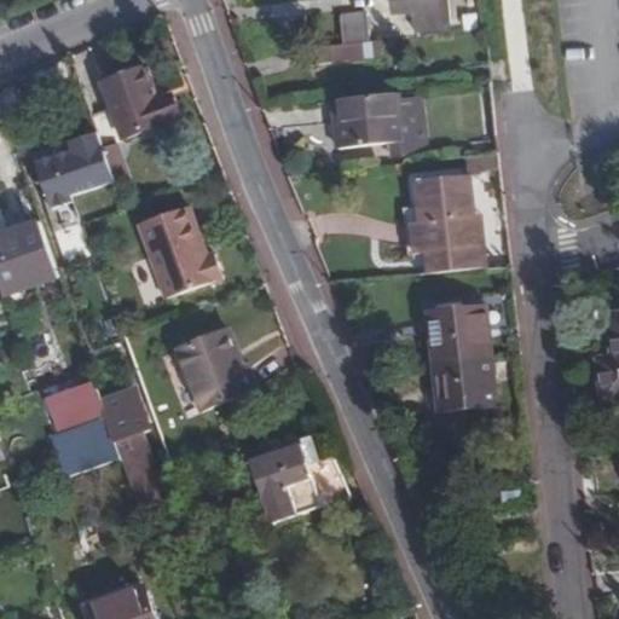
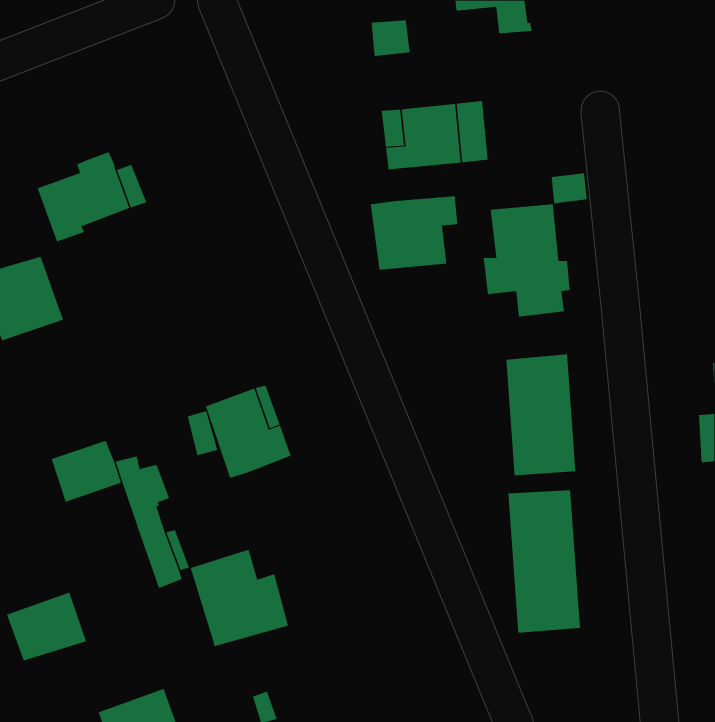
building: [87,65,170,141] -> none
building: none -> [370,196,458,271]
building: [138,203,220,295] -> none
building: [51,417,120,476] -> [6,592,87,661]
building: none -> [508,490,581,633]
building: [248,442,332,526] -> [190,549,289,647]

